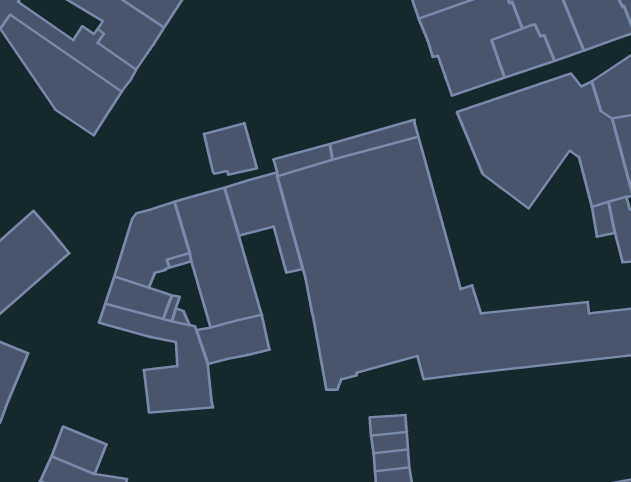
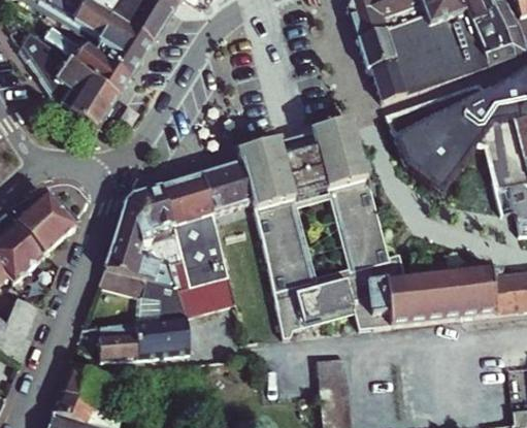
building: [204,123,257,175] -> none
building: none -> [99,318,138,357]

